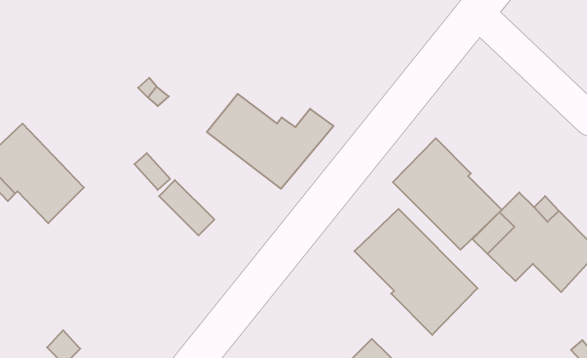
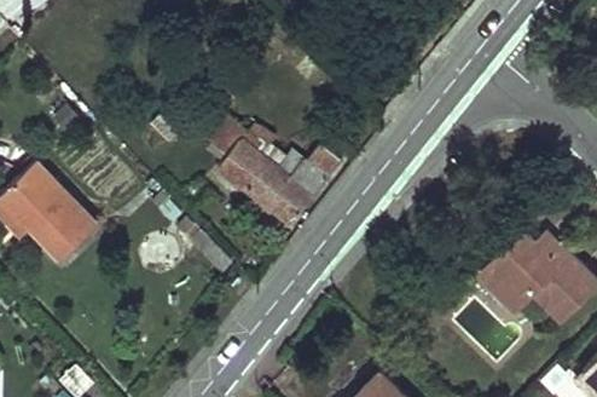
building: [393,138,502,250] -> none
building: [354,209,478,335] -> none

